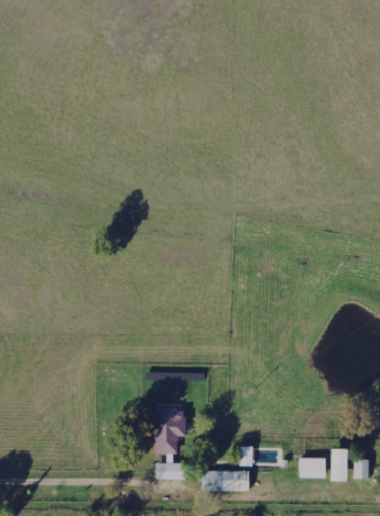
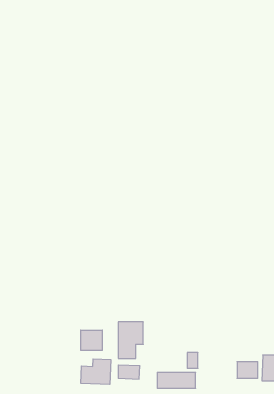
building: none -> [81,330,102,350]
building: none -> [81,359,111,384]

